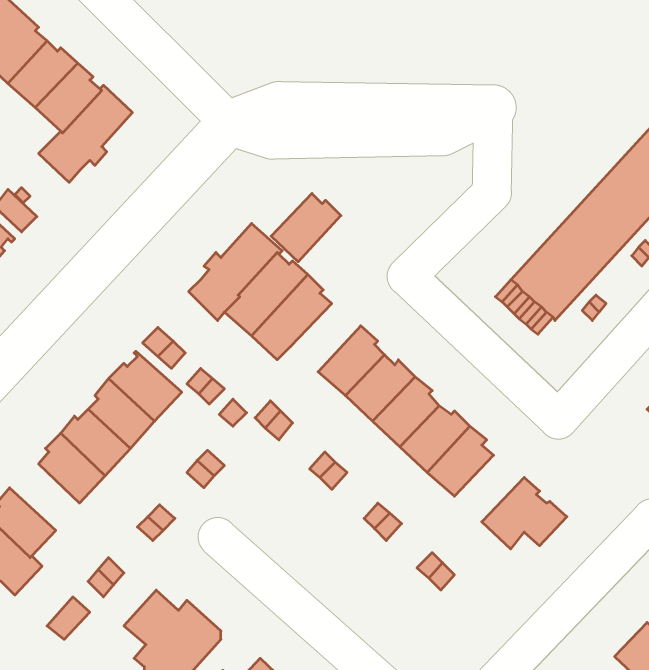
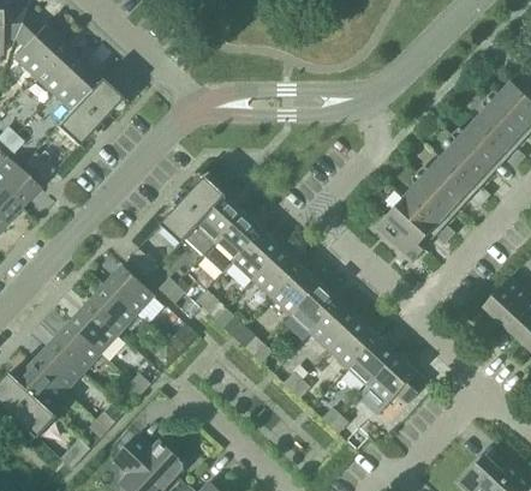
building: [271,193,341,262] -> [232,232,281,280]
building: none -> [347,339,396,385]
building: none -> [34,345,83,391]

